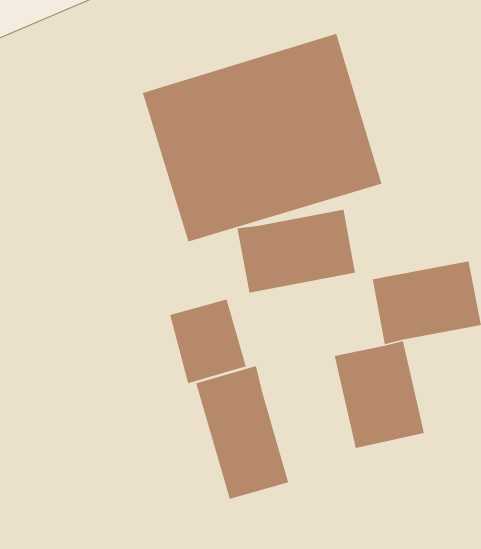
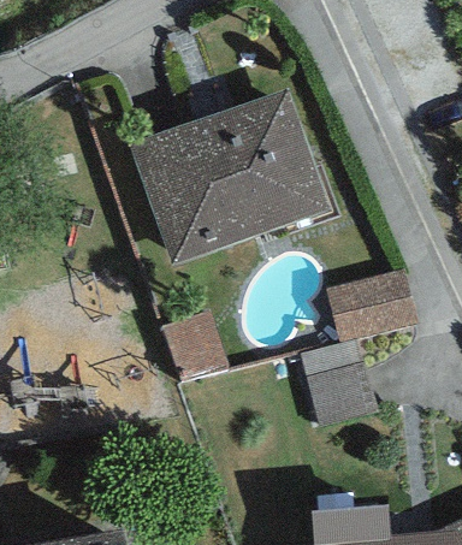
building: [237,209,356,293] -> none
building: [195,365,289,500] -> none

